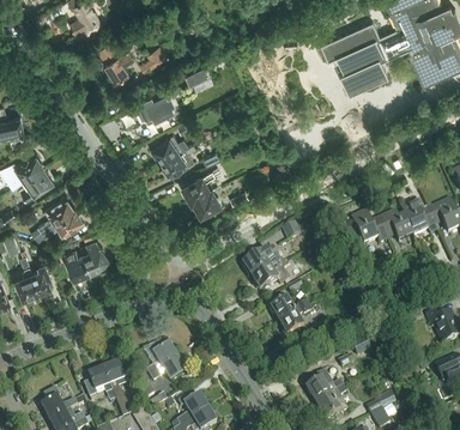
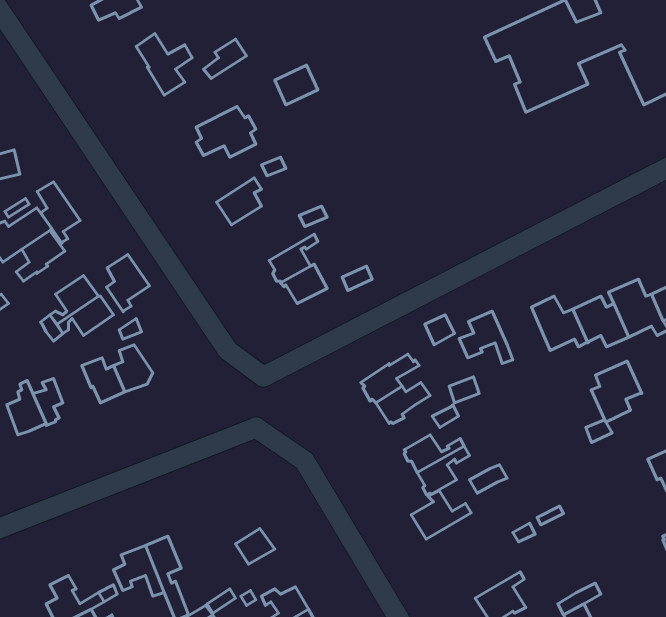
building: none -> [37,182,80,243]
building: [159,146,195,180] -> none
building: none -> [106,255,150,312]
building: none -> [459,311,513,364]
building: none -> [591,361,642,422]
building: [146,344,177,382] -> none
building: [305,373,344,404] -> [411,490,471,539]

